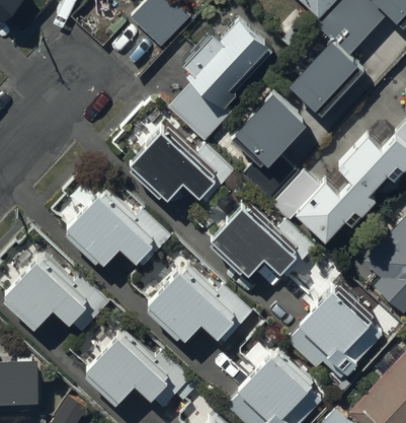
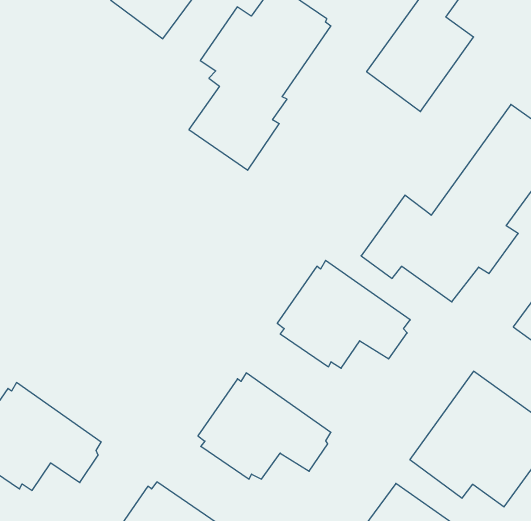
building: [231,91,309,198] -> none
building: [132,128,218,198] -> none
building: [69,195,156,265] -> none

